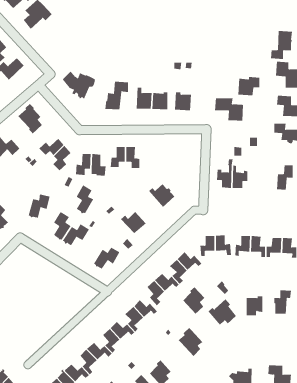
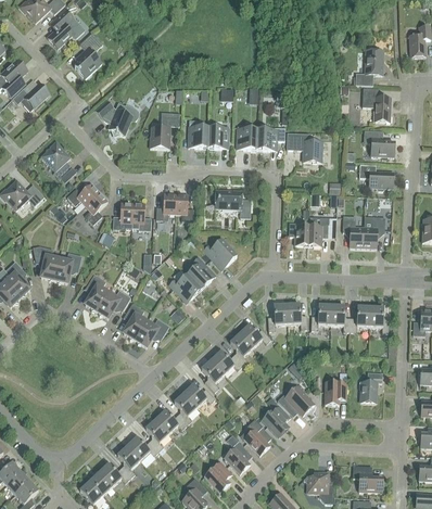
building: none -> [74,31,102,78]
building: [238,77,260,96] -> [256,126,284,150]
building: none -> [214,189,251,217]
building: none -> [342,215,364,246]
building: [76,184,94,214] -> [123,302,145,339]
building: none -> [33,245,59,280]
building: none -> [187,256,215,289]
building: [182,286,205,314] -> [262,402,290,436]
building: none -> [224,440,252,473]

